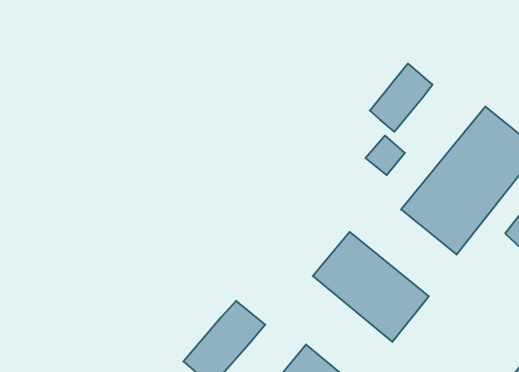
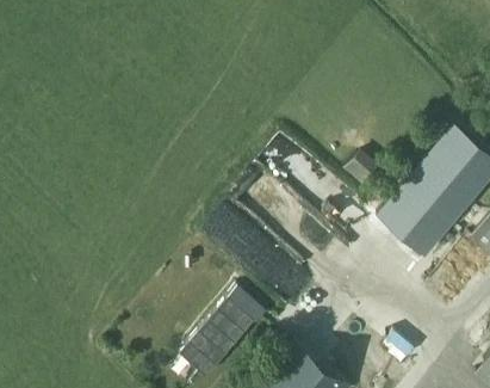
building: [370,64,432,132] -> none
building: [313,232,429,342] -> none

